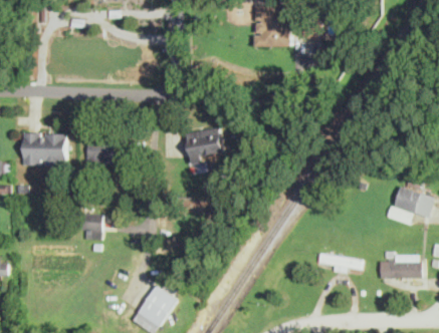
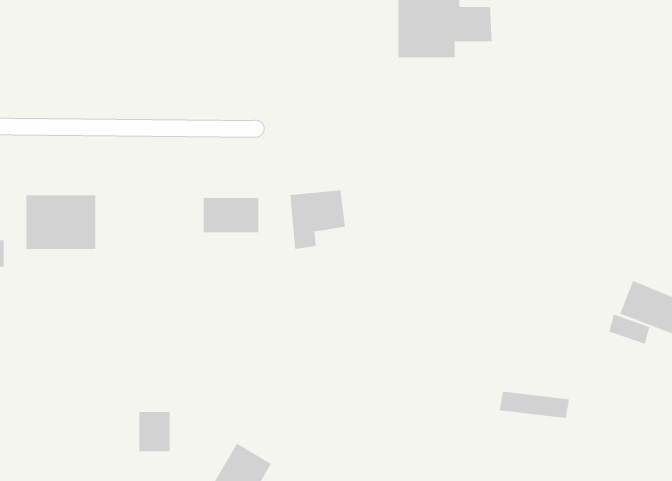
building: [86,140,122,162] -> [203,198,259,233]
building: [81,215,101,240] -> [138,411,171,452]
building: [380,257,421,278] -> none

